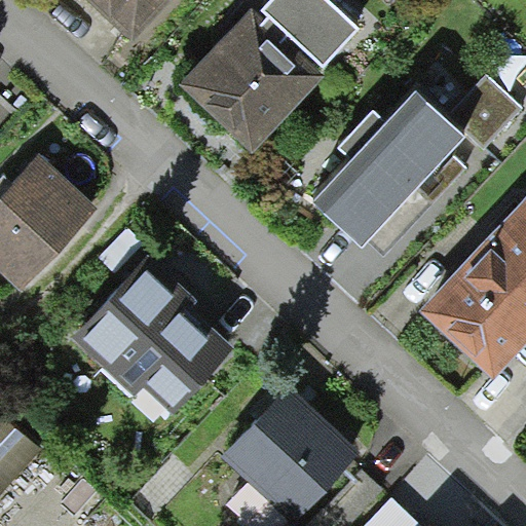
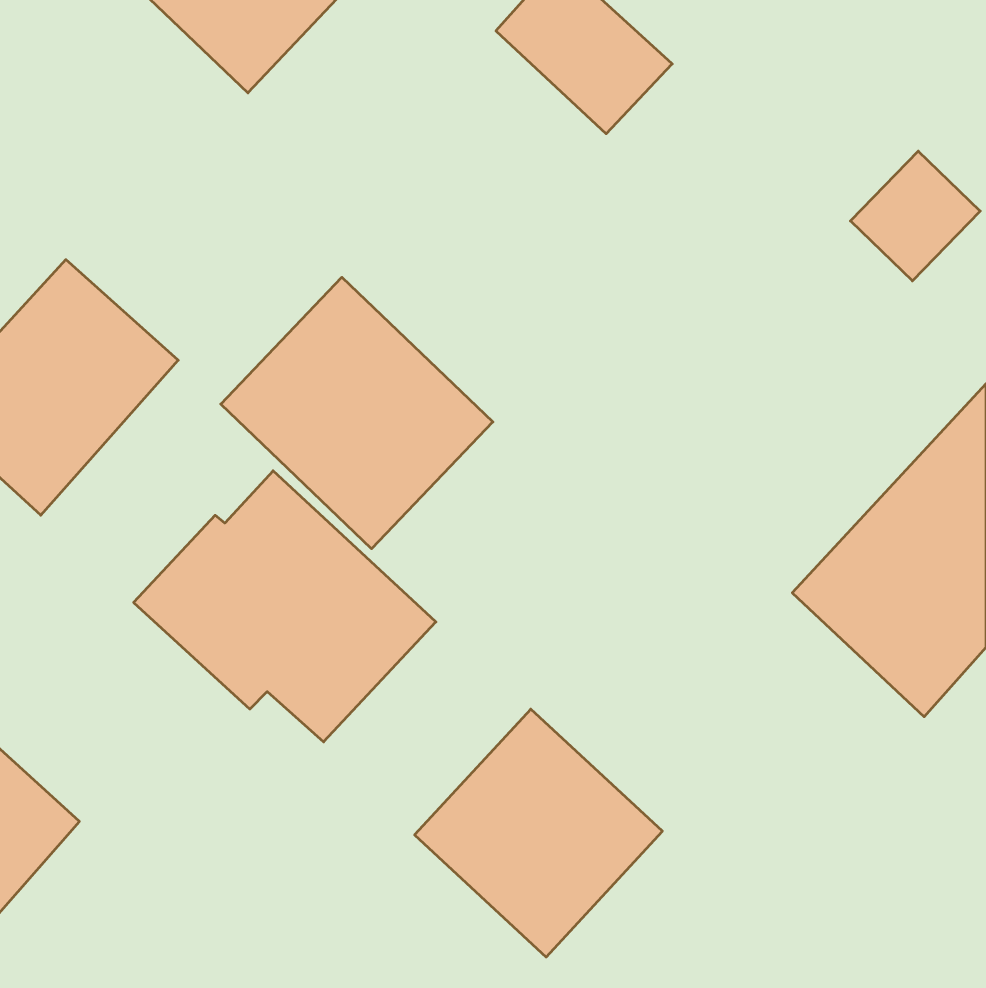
building: [181,20,321,158] -> none
building: [314,101,461,251] -> none
building: none -> [221,277,493,549]

